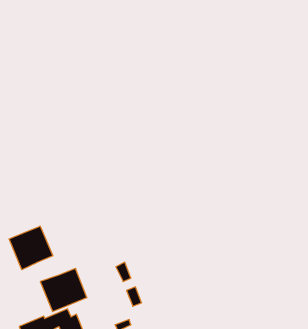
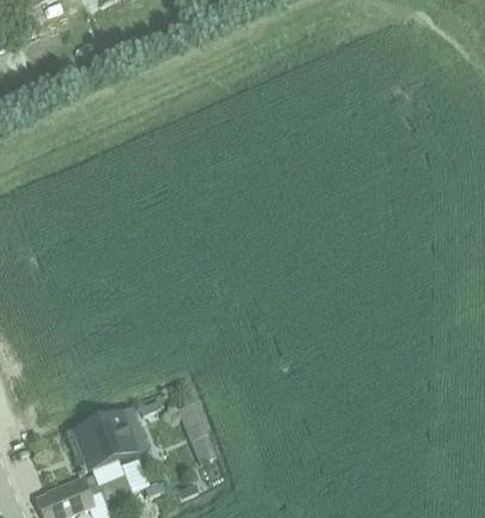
building: [9,226,53,270] -> none

